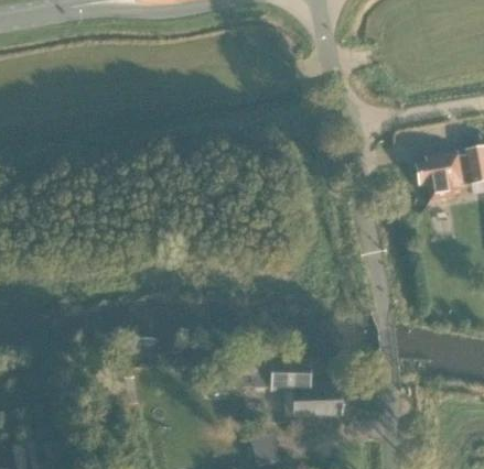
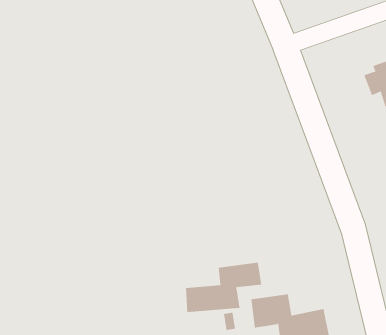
building: none -> [186,262,262,313]

